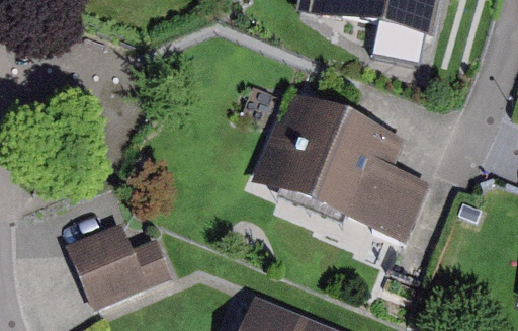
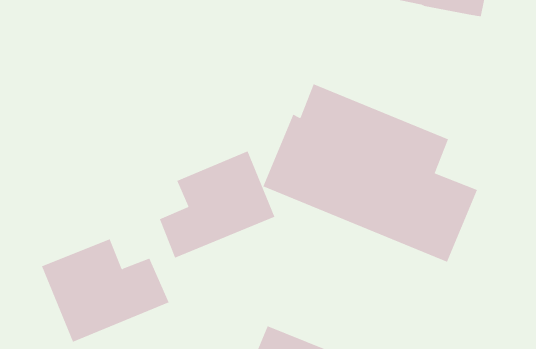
building: none -> [159,151,275,259]

